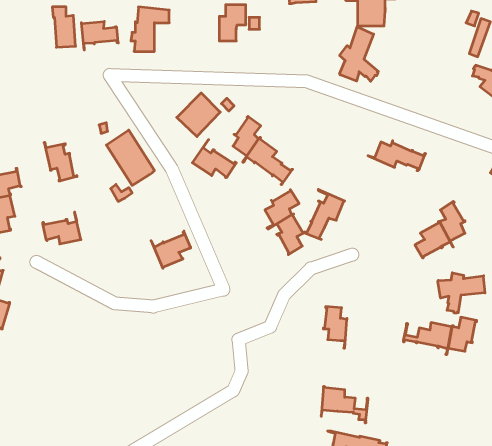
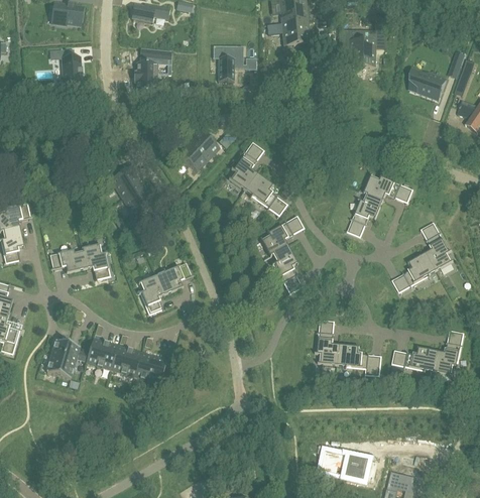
building: [81,21,118,50] -> none
building: [340,26,378,81] -> none
building: none -> [409,68,445,95]
building: [192,140,236,178] -> none
building: [44,143,77,181] -> [80,242,111,278]
building: [304,189,345,239] -> [345,189,383,236]
building: none -> [137,269,163,314]
building: [438,273,485,313] -> none
building: none -> [45,339,165,383]
building: [321,387,368,423] -> [336,343,380,377]

